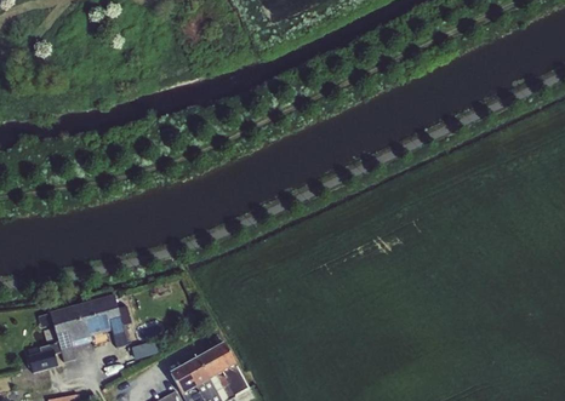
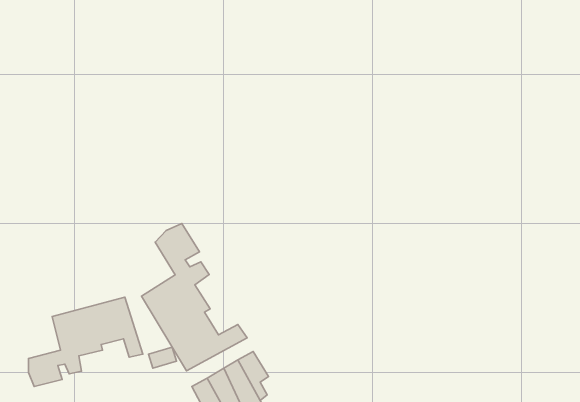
building: none -> [141,223,247,371]

